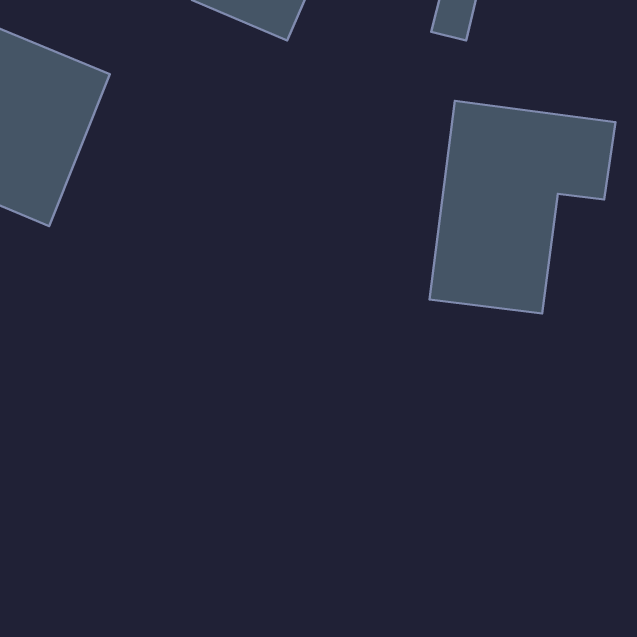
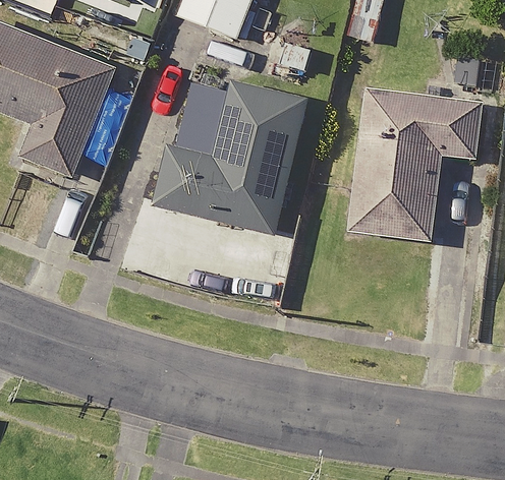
building: none -> [155,79,306,234]

